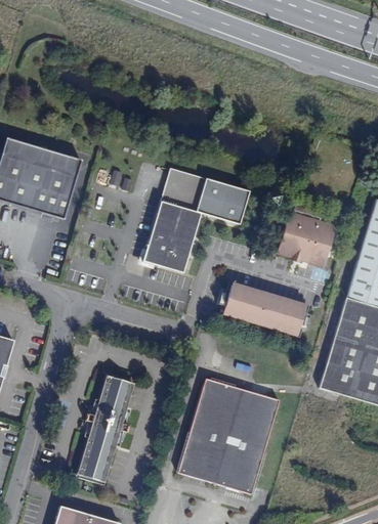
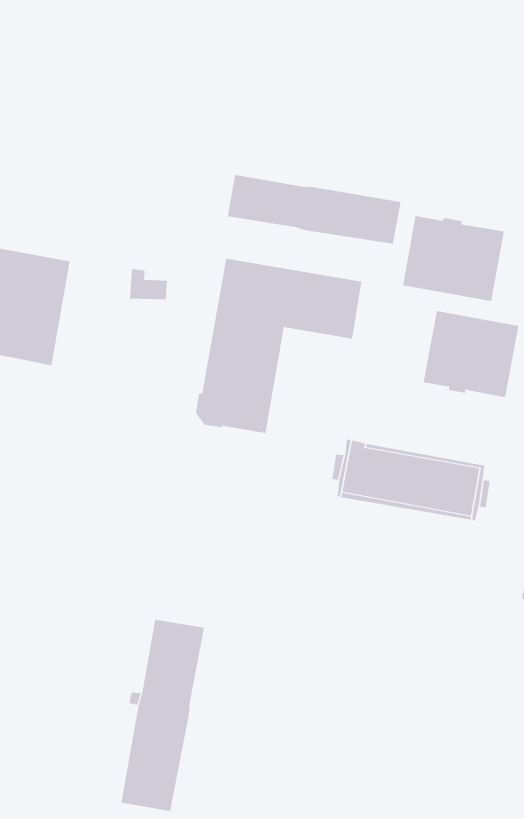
building: none -> [227,174,401,244]
building: none -> [402,215,504,302]
building: [176,378,279,494] -> none

